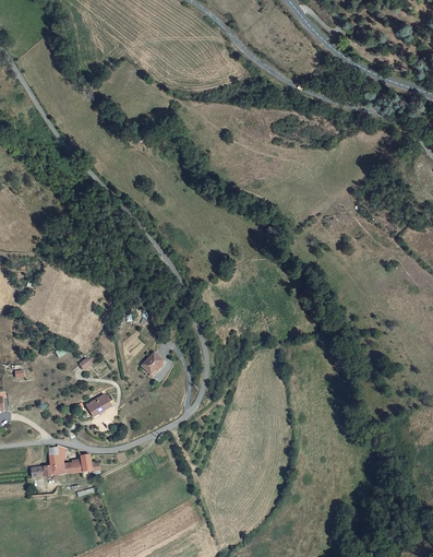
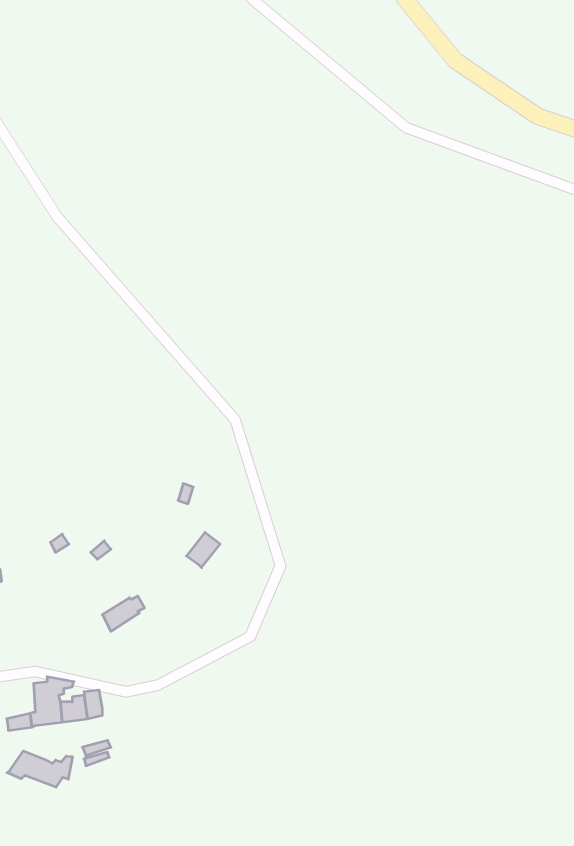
building: none -> [7,751,72,787]

